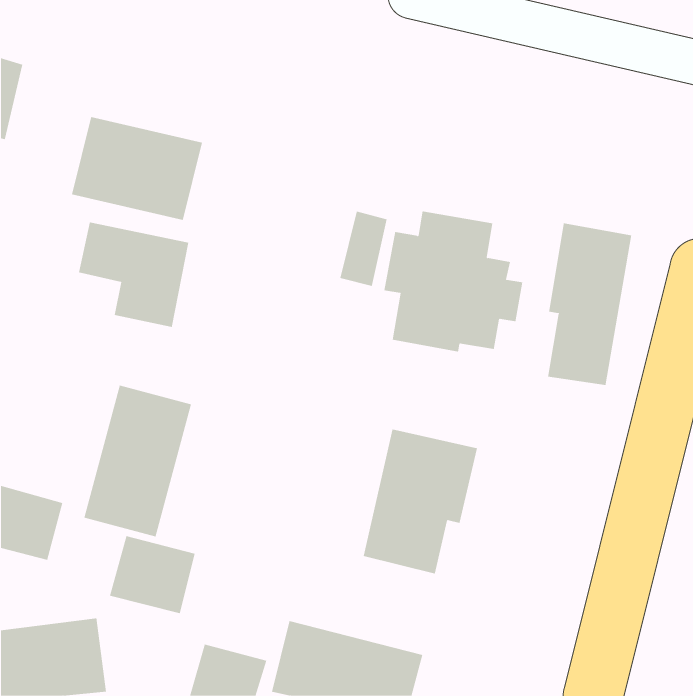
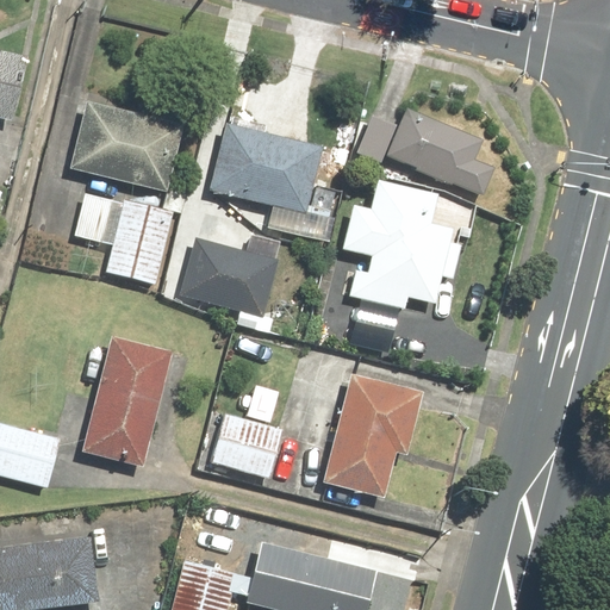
building: none -> [354,106,494,195]
building: none -> [210,123,322,236]
building: [547,222,632,386] -> none
building: none -> [179,236,286,334]
building: [109,536,196,614] -> [208,411,284,479]

